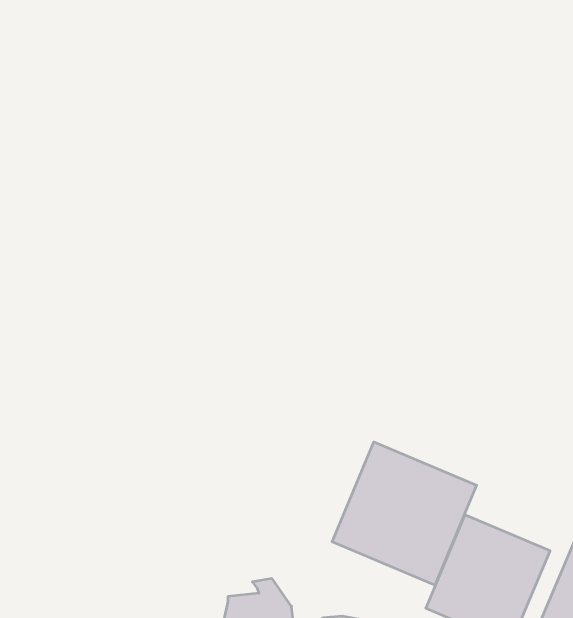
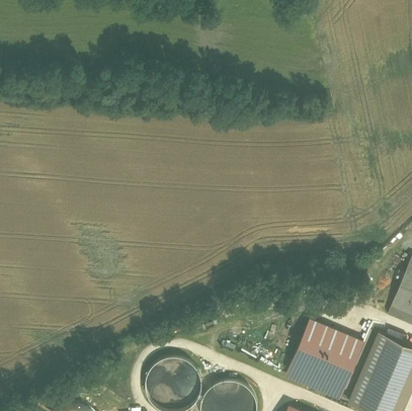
building: [332,442,477,585] -> none

